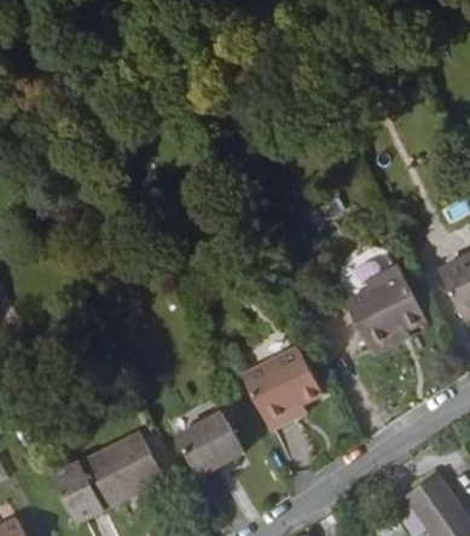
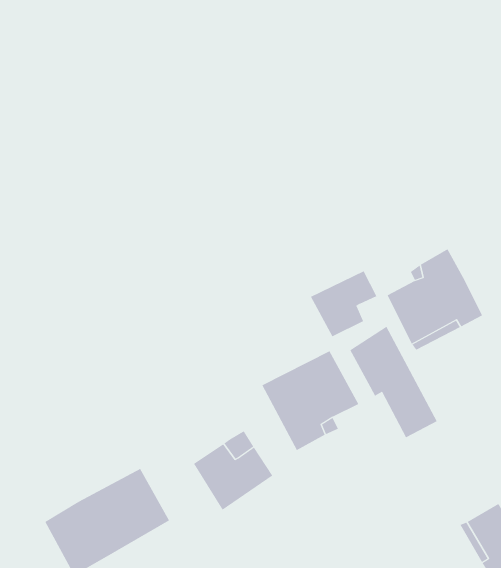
building: none -> [310,270,377,337]
building: none -> [350,326,437,438]

